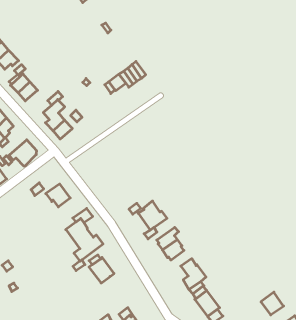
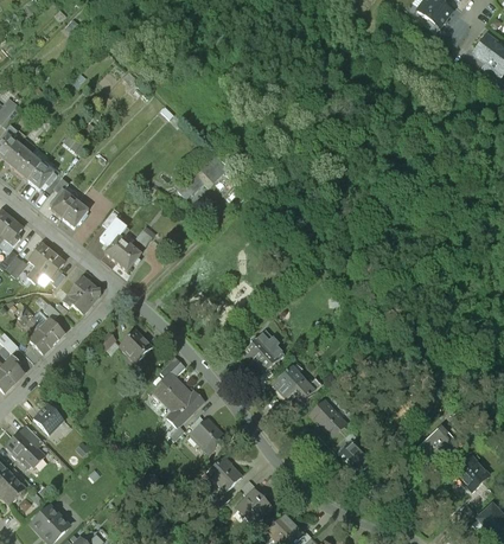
building: none -> [209,457,241,489]

